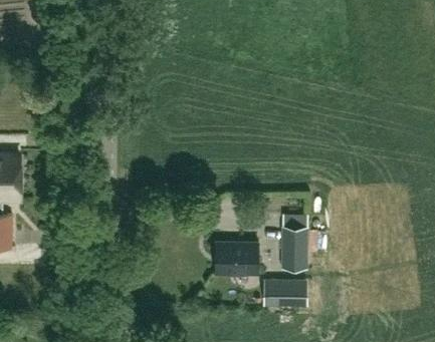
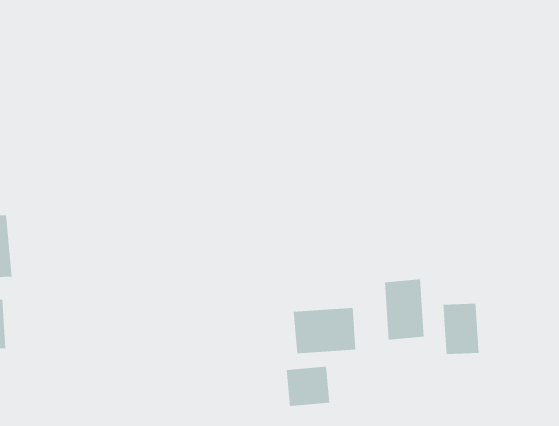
building: none -> [443,303,479,355]
building: [264,280,293,306] -> [286,366,330,407]

